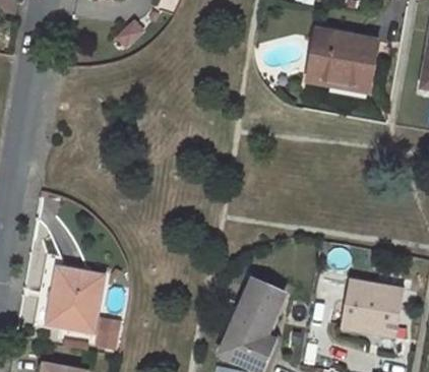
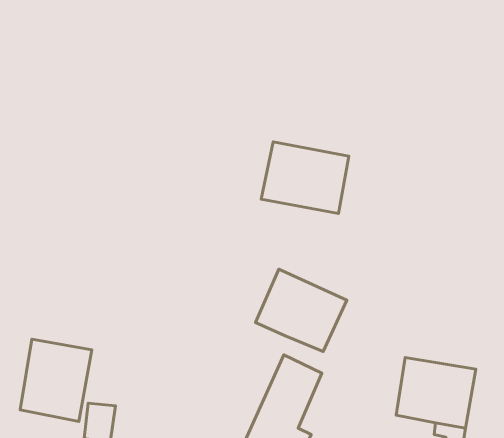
building: [307,30,375,86] -> [261,142,349,214]
building: none -> [255,269,347,351]

